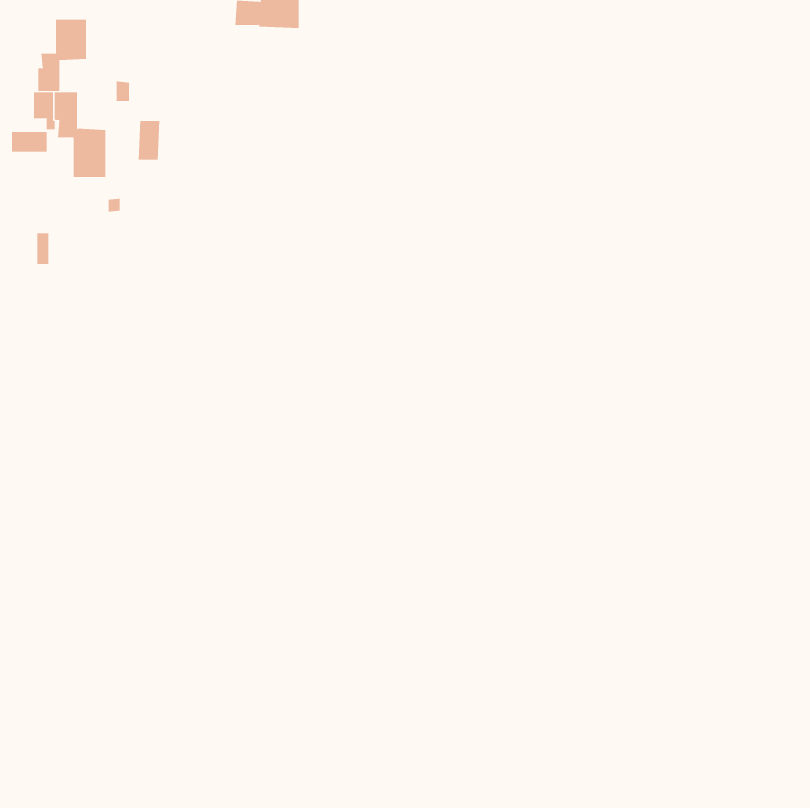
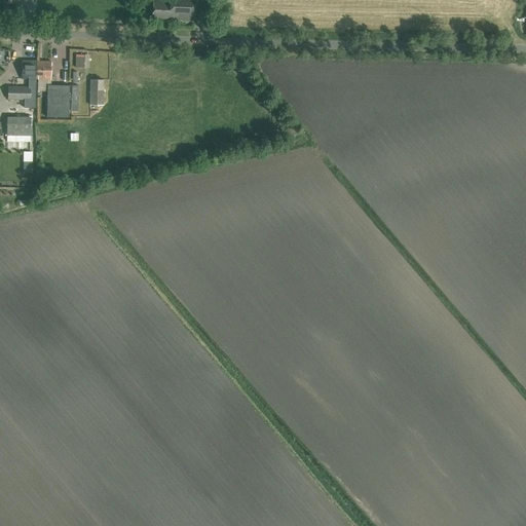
building: [38,19,86,92] -> none
building: none -> [7,118,31,141]

